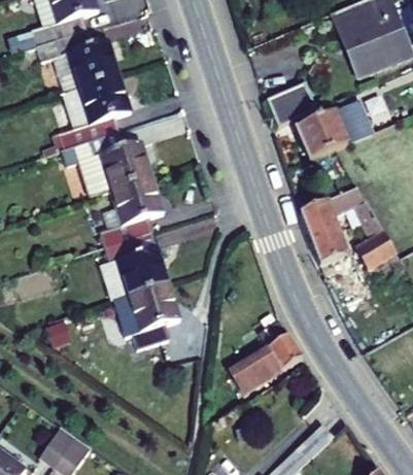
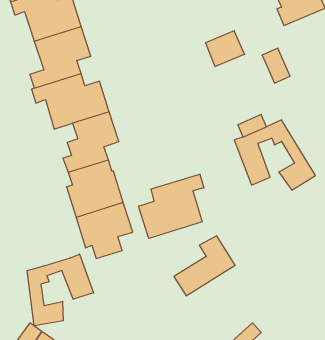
building: [295,110,347,160] -> none
building: none -> [138,174,204,238]
building: none -> [27,254,94,326]

